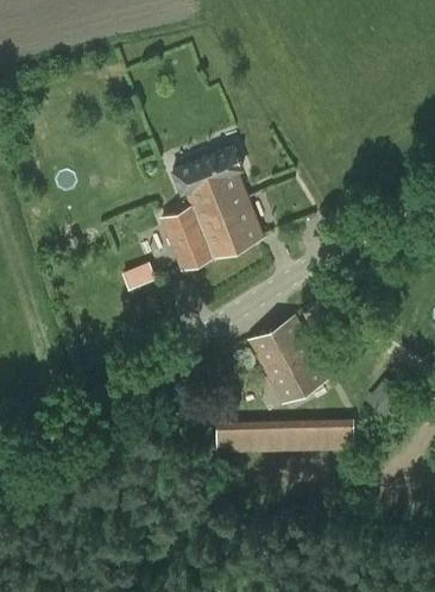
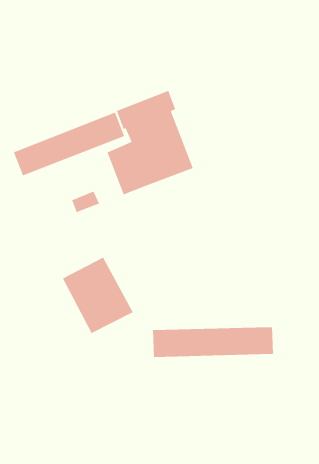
building: none -> [13,112,125,177]
building: [248,315,330,404] -> [62,256,134,334]

